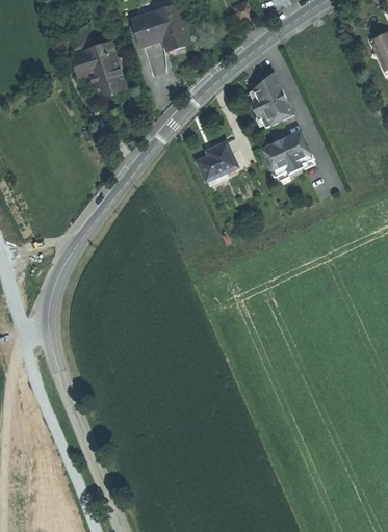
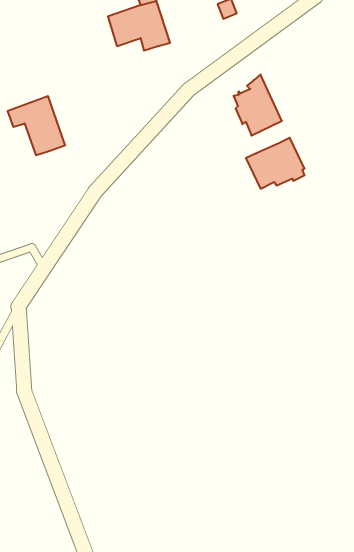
building: [72,43,125,97] -> [8,96,65,155]
building: [197,142,236,181] -> none

